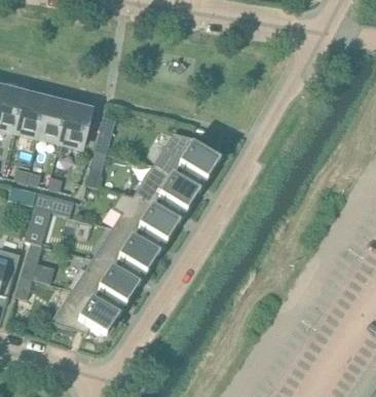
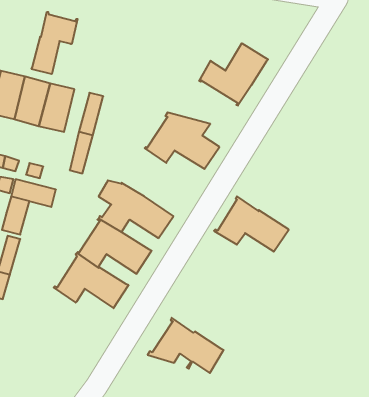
building: none -> [32,12,78,74]
building: none -> [199,43,268,106]
building: [133,164,199,213] -> [214,196,289,252]
building: [50,288,118,337] -> [148,318,224,373]

